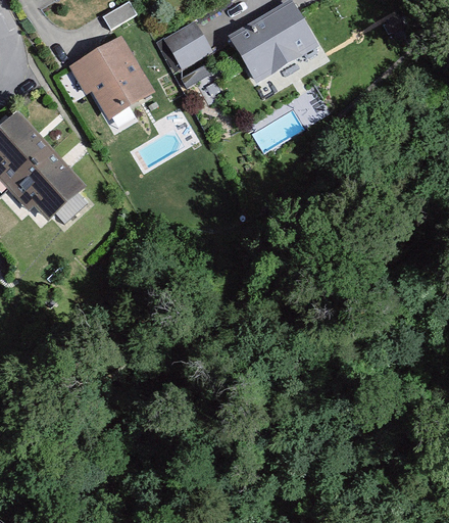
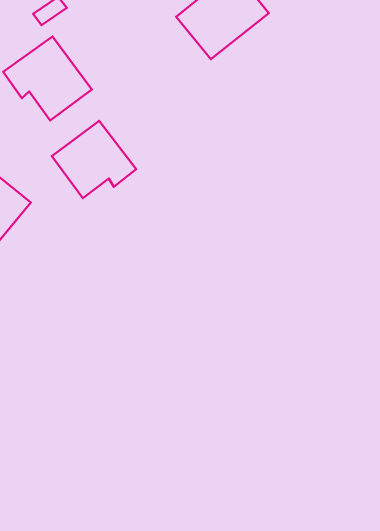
building: [167,27,207,66] -> none
building: none -> [52,121,136,198]

